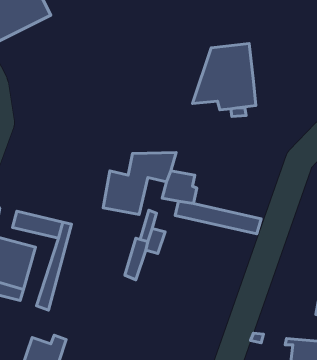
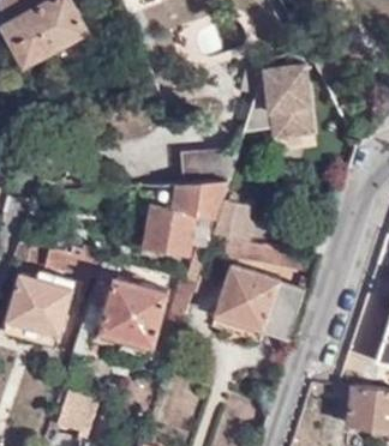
building: none -> [176,153,235,187]
building: none -> [211,269,300,339]
building: none -> [104,277,169,343]

